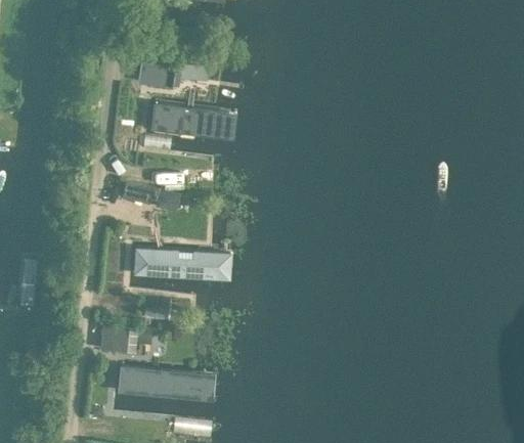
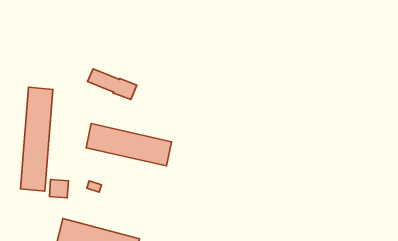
building: [150,100,236,141] -> none
building: none -> [21,87,53,191]

